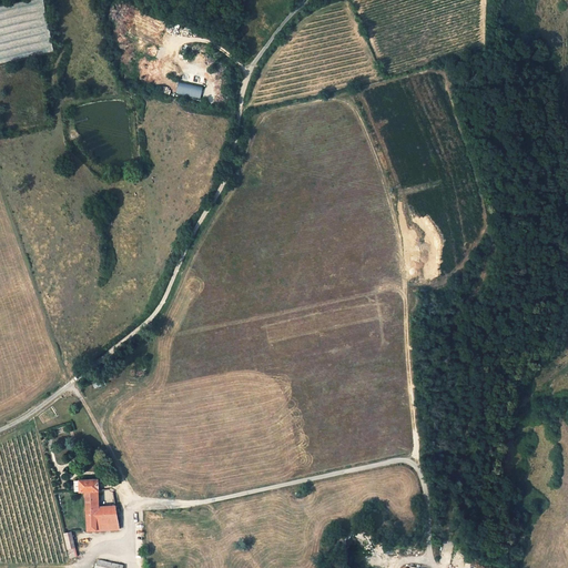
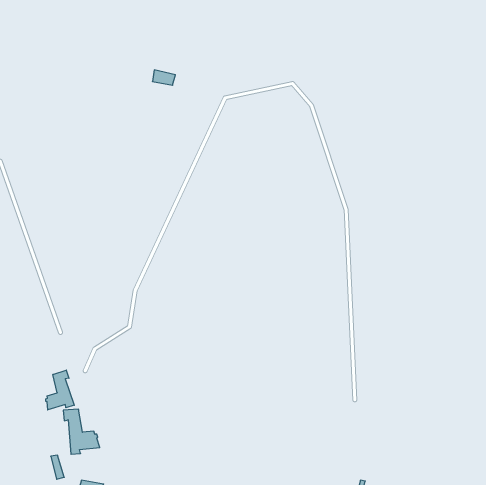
building: none -> [46,370,74,410]

